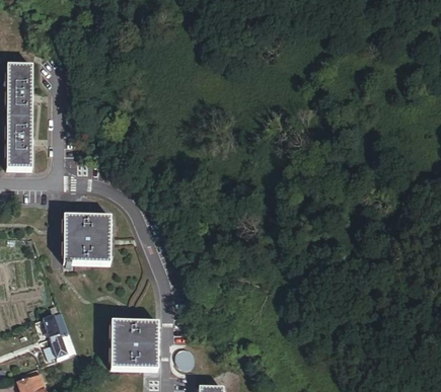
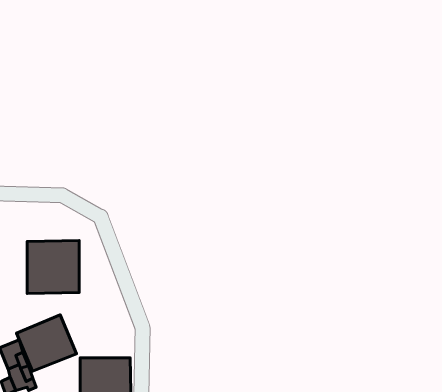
building: none -> [17,315,76,371]

